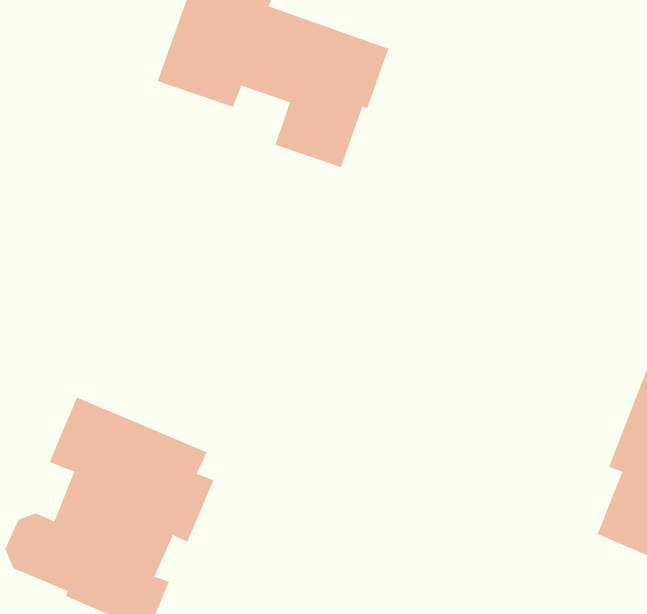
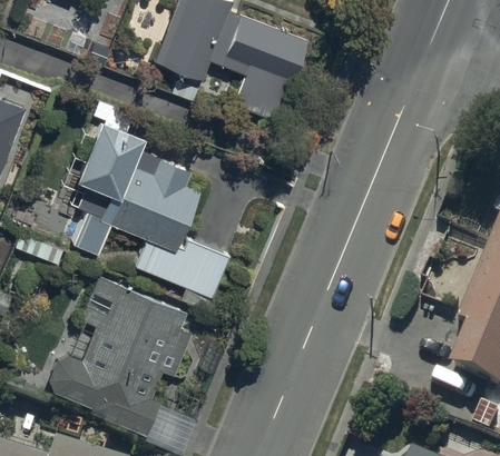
building: none -> [70,122,231,310]

